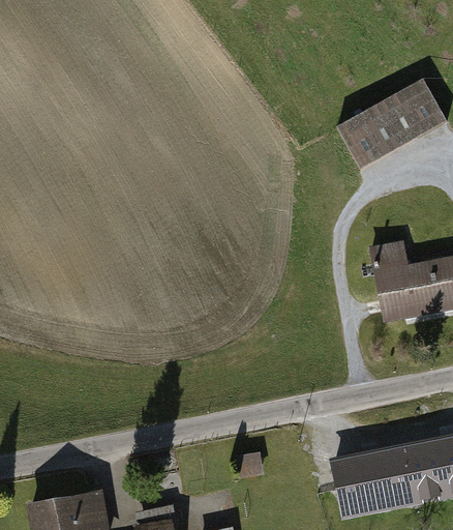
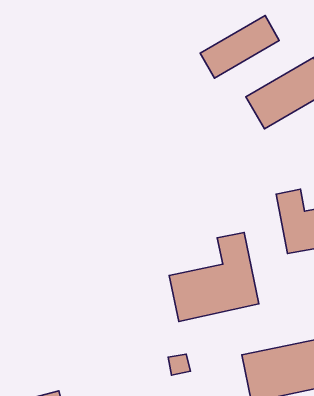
building: none -> [200,15,279,78]
building: none -> [169,232,259,322]

